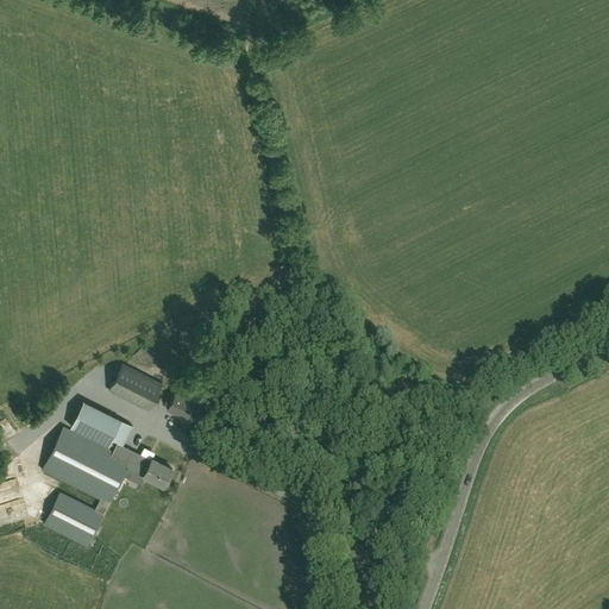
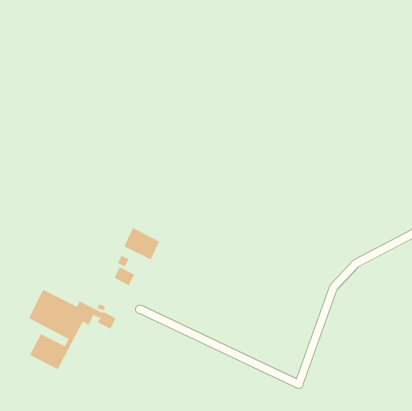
building: [109,364,163,413] -> [124,227,160,260]
building: [70,402,133,448] -> none

